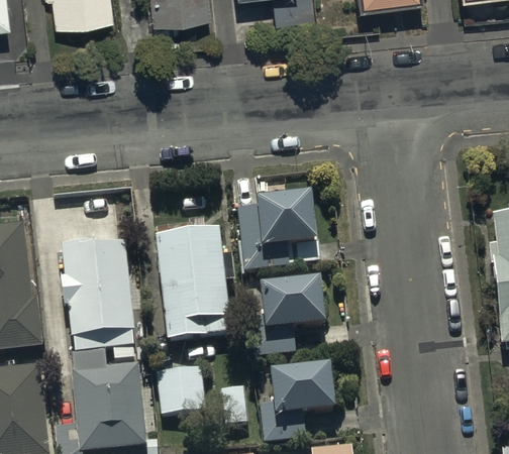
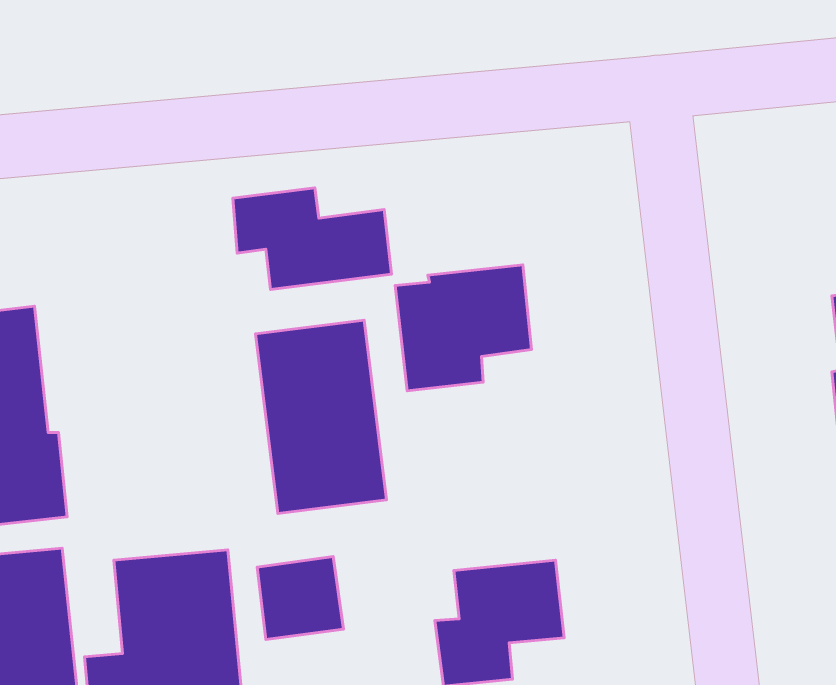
building: none -> [233,188,392,289]
building: [63,242,135,350] -> none
building: [251,281,325,356] -> none

